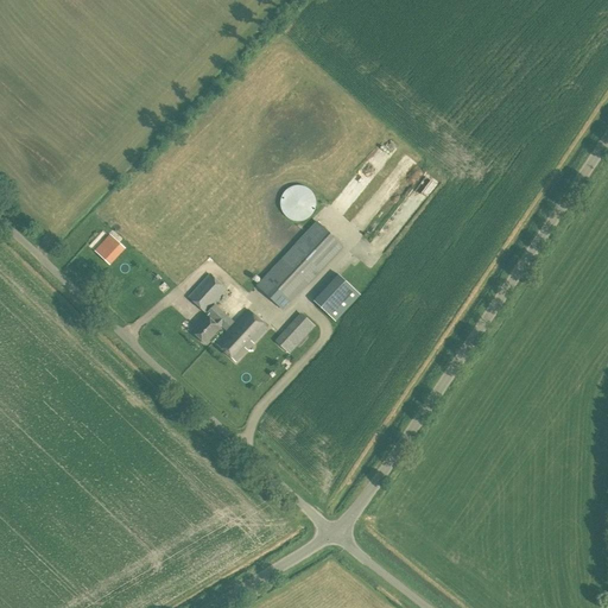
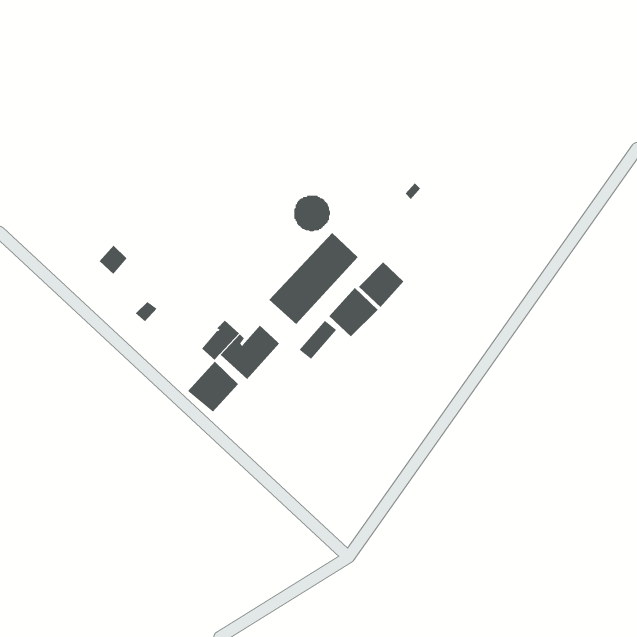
building: none -> [358,262,404,308]
building: [188,274,224,312] -> none
building: none -> [187,361,239,413]

